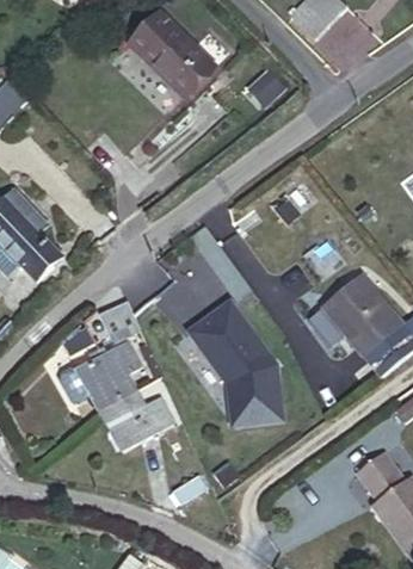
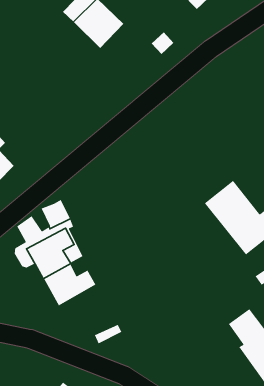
building: [185,299,282,426] -> none

